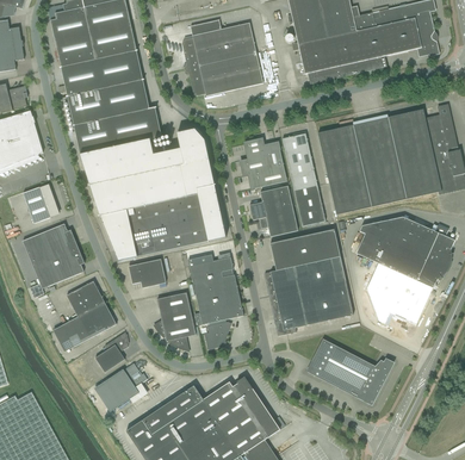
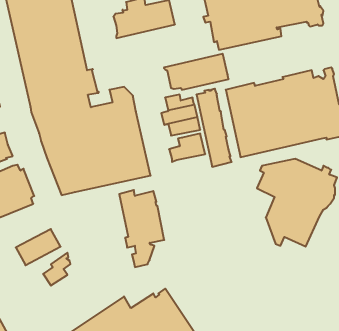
building: [185,52,264,97] -> [164,54,229,90]
building: [259,211,298,236] -> none
building: [265,229,353,336] -> none
building: [130,259,166,287] -> none
building: [62,280,105,325] -> none
building: [154,292,196,350] -> none
building: [309,338,393,405] -> none
building: [101,362,147,406] -> none

